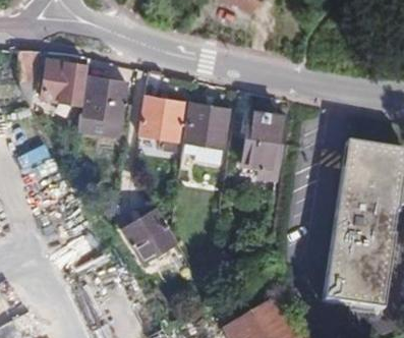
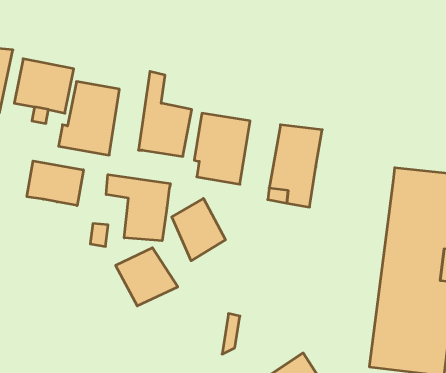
building: none -> [27,161,83,206]
building: none -> [106,175,170,241]
building: none -> [172,198,225,261]

